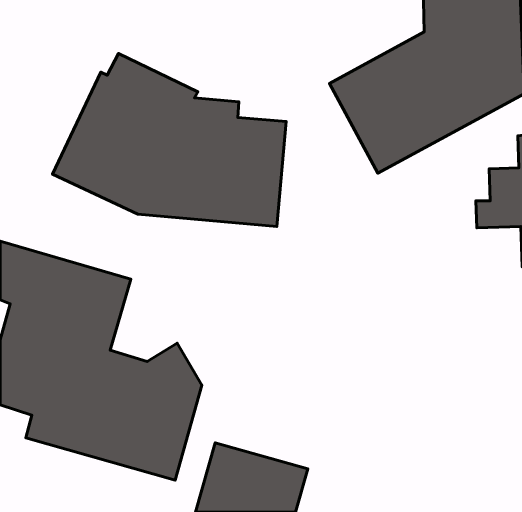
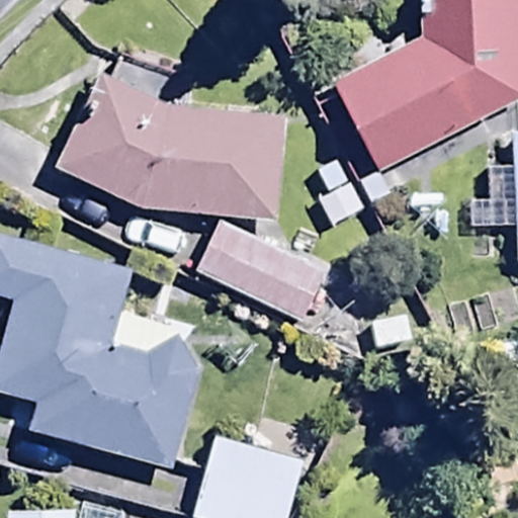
building: none -> [196,218,328,319]

